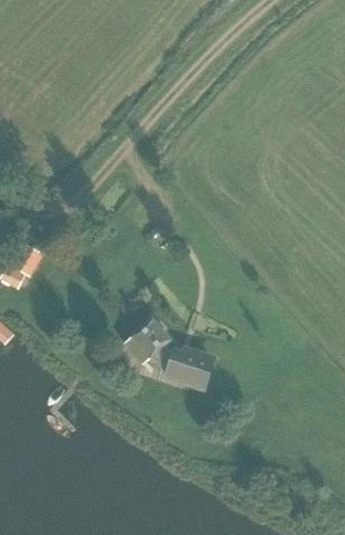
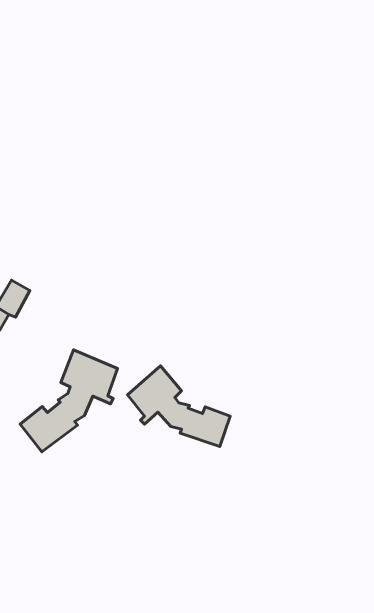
building: none -> [20,350,118,452]

